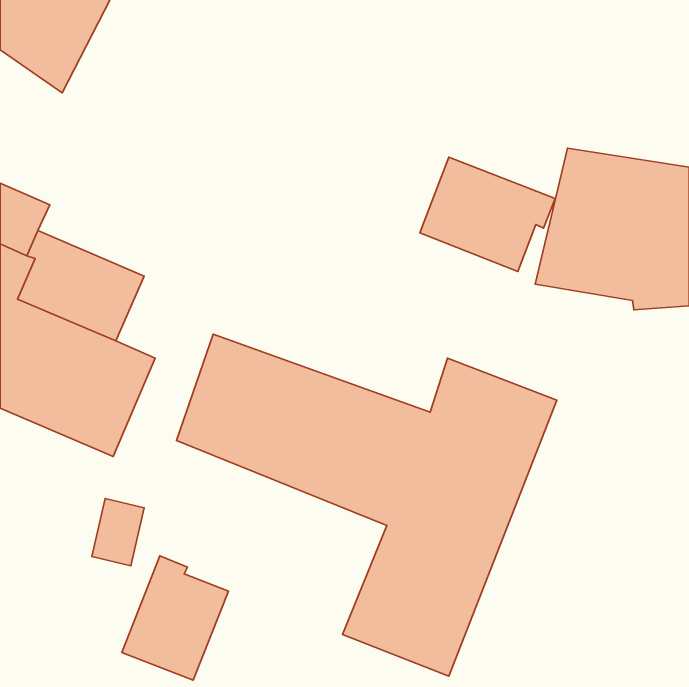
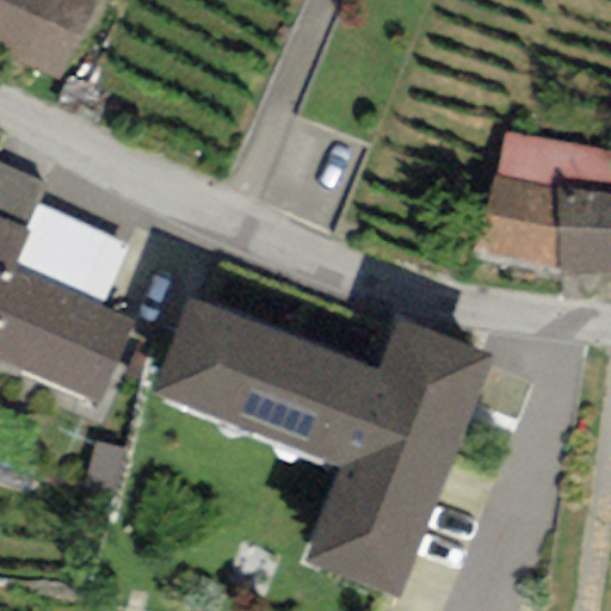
building: [420,157,555,272] -> none
building: [122,556,229,680] -> none

